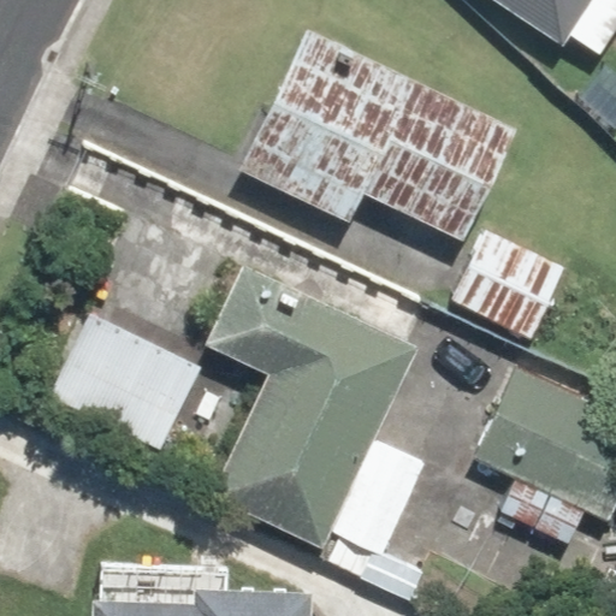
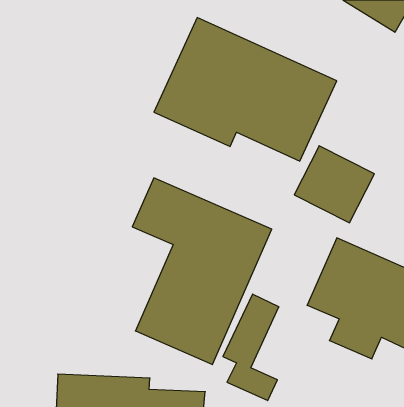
building: [52,308,212,452] -> none

